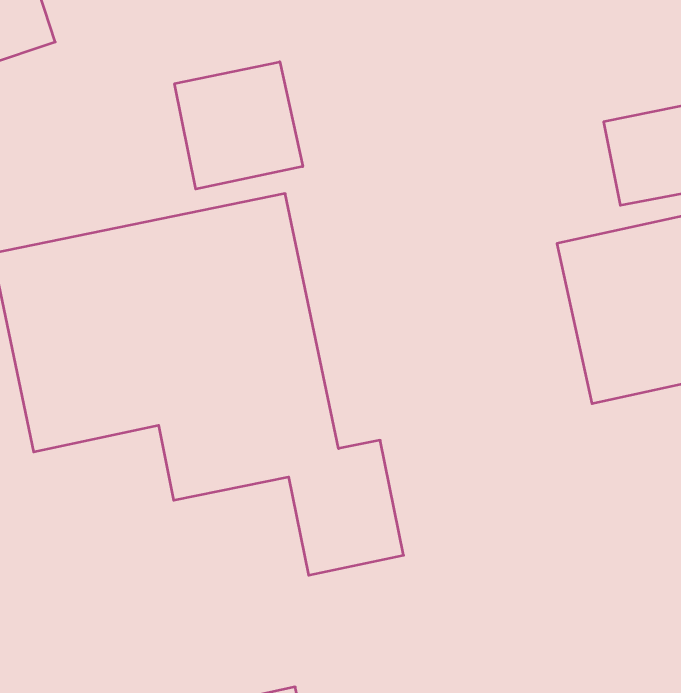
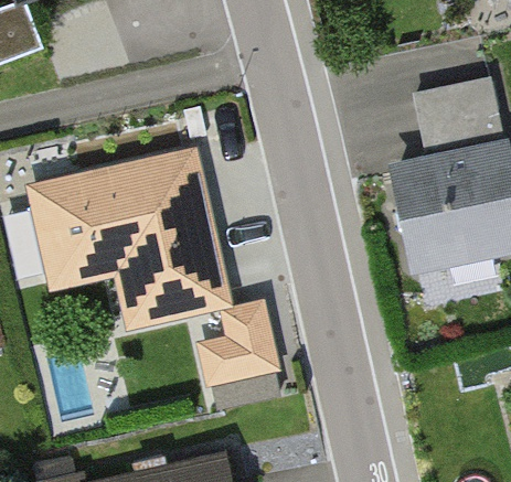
building: [175,62,303,189] -> none

